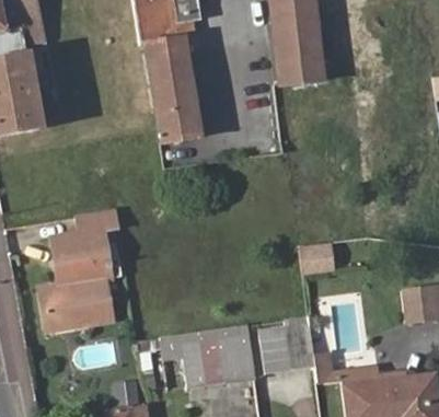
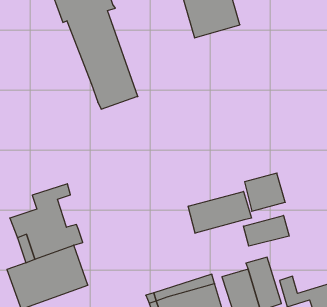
building: none -> [188,191,251,233]
building: none -> [243,215,289,246]

